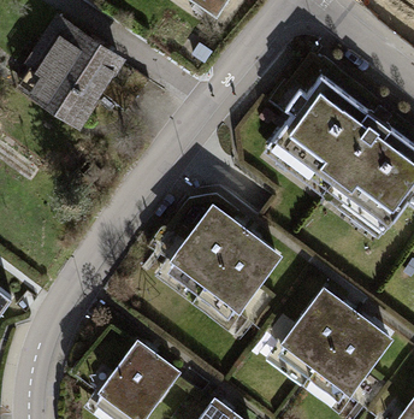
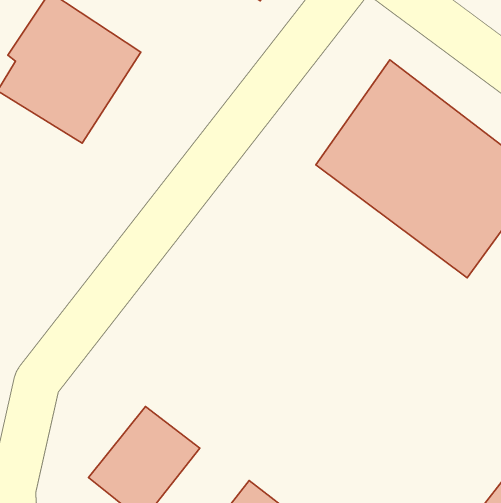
building: [166,206,276,313] -> none
building: [282,290,391,396] -> none

